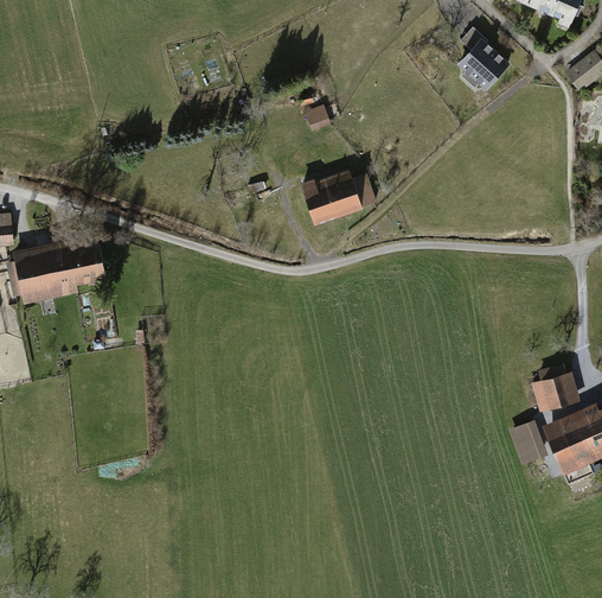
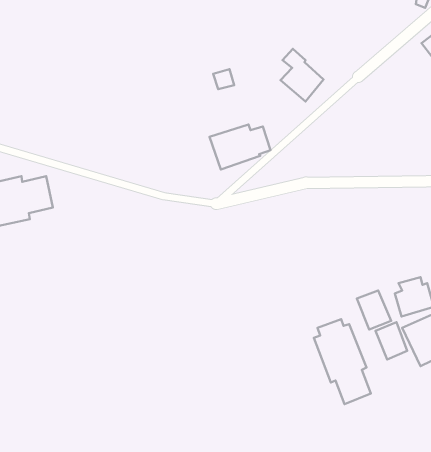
building: [457,28,511,94] -> [281,49,324,101]
building: none -> [357,291,391,329]
building: none -> [314,319,371,404]

